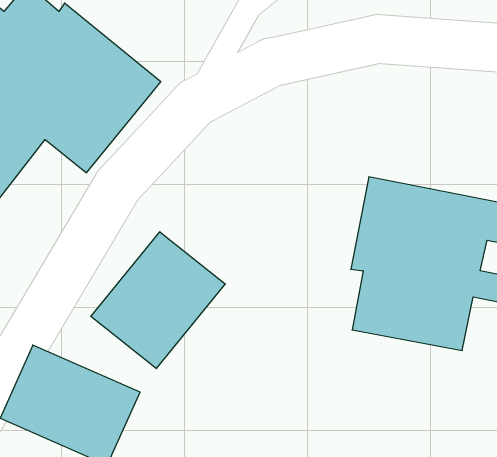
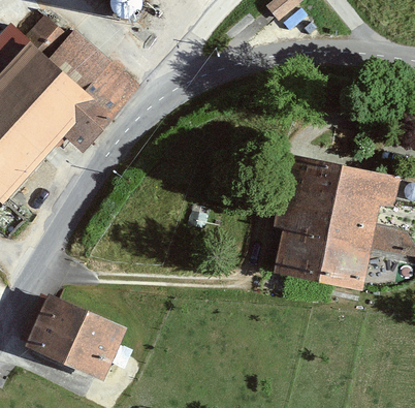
building: [91,232,225,369] -> none

